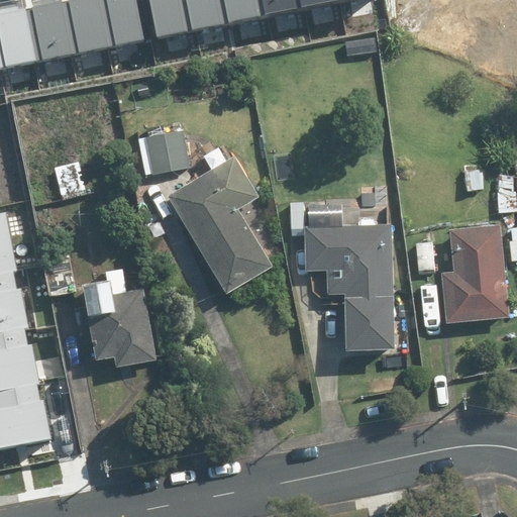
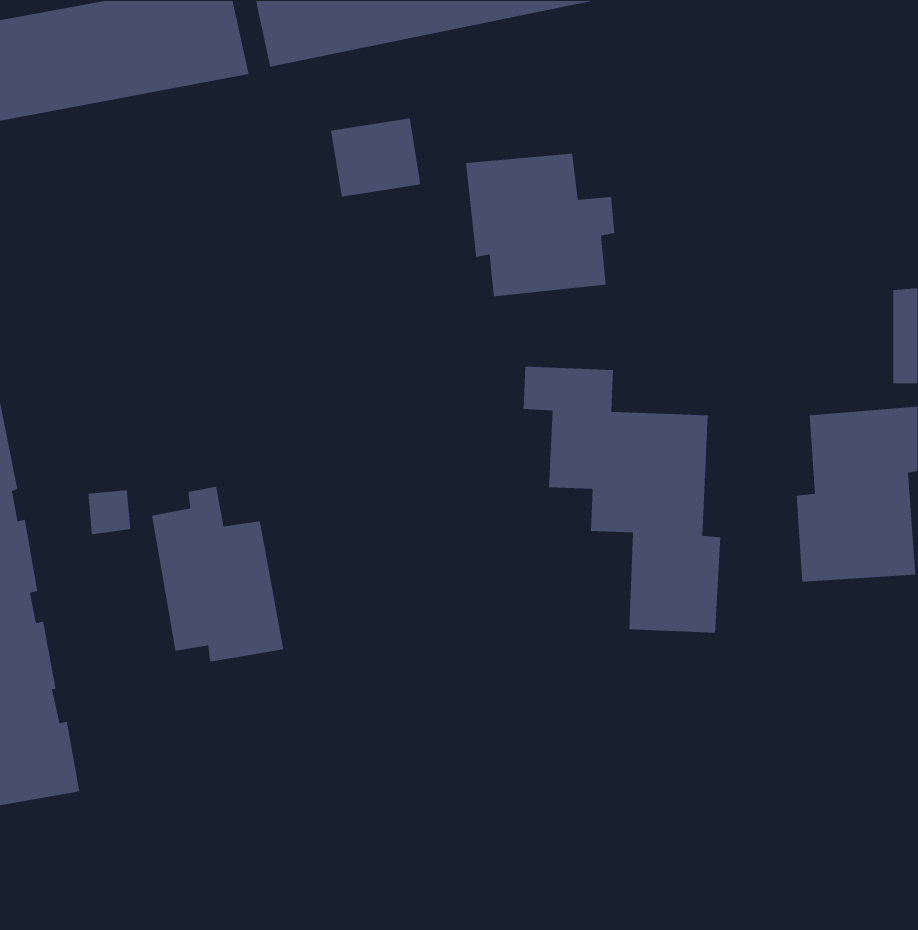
building: none -> [465,153,615,297]
building: [136,131,187,176] -> [330,118,421,198]
building: [170,158,273,294] -> none

